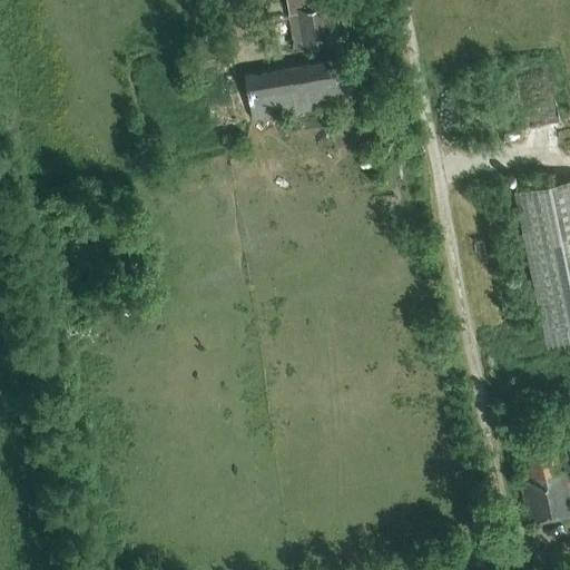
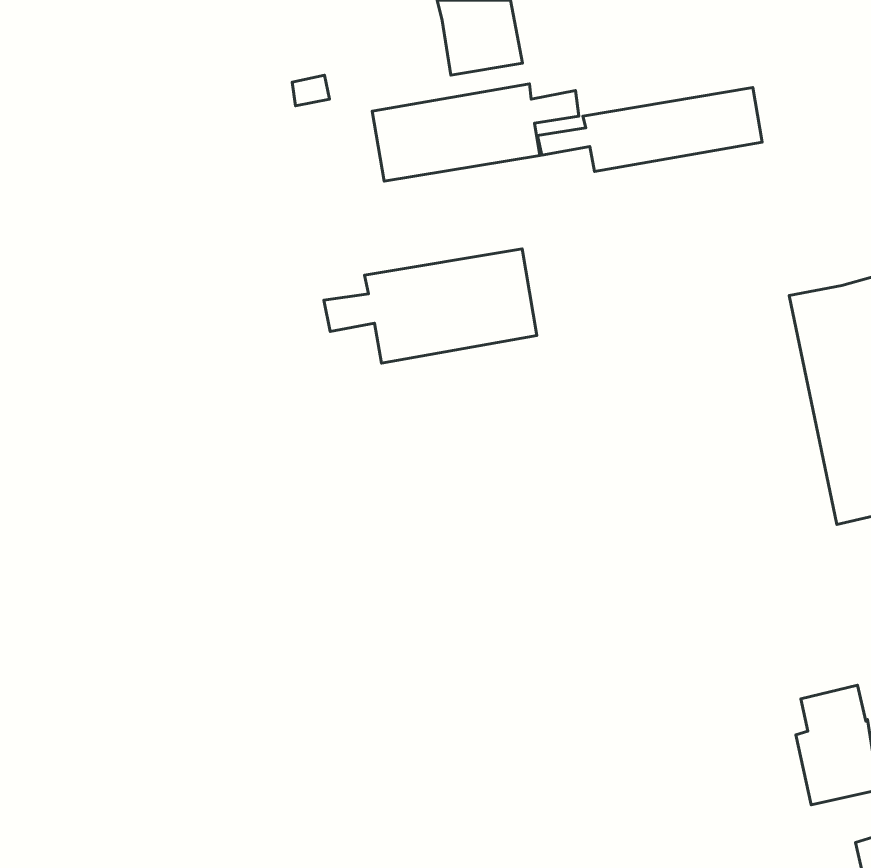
building: none -> [538,87,762,172]
building: none -> [324,249,537,363]

